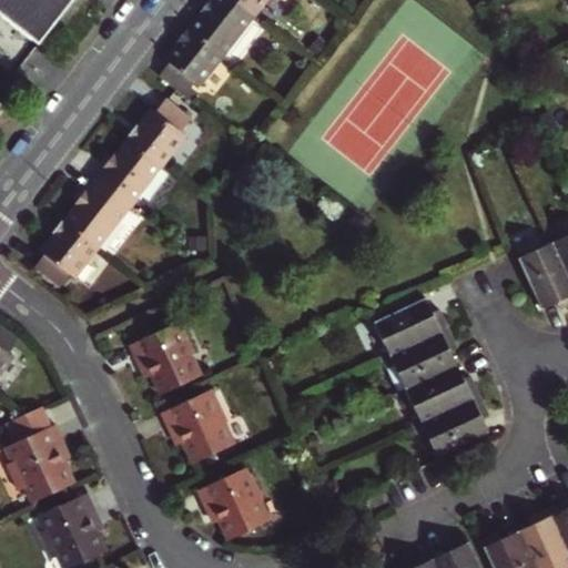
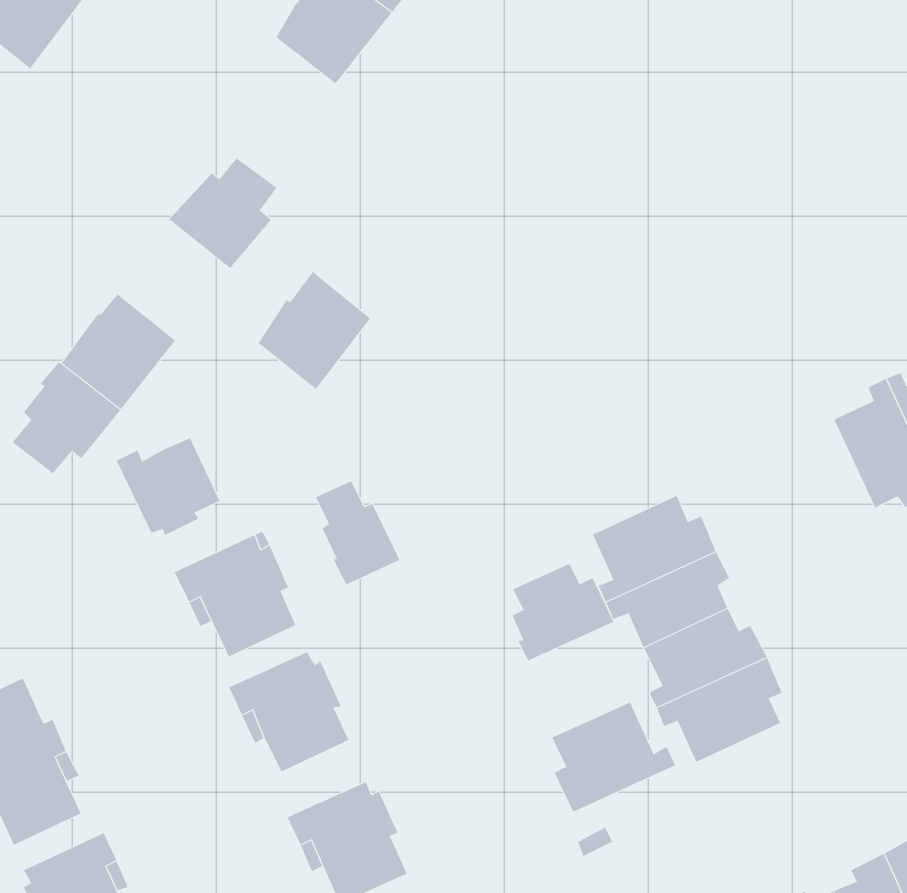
building: [158,29,224,97] -> none
building: [95,139,162,209] -> [258,271,371,390]
building: none -> [116,438,220,536]
building: none -> [315,481,400,586]
building: none -> [512,563,614,661]
building: none -> [551,702,676,812]

